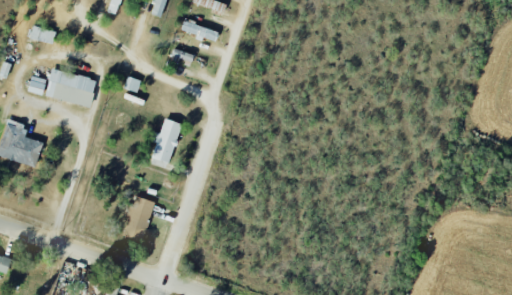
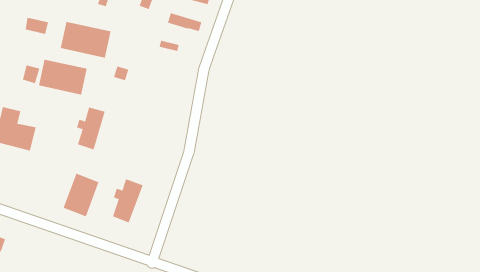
building: none -> [60,21,111,58]
building: [150,118,181,164] -> [76,107,105,150]
building: none -> [63,173,99,217]

